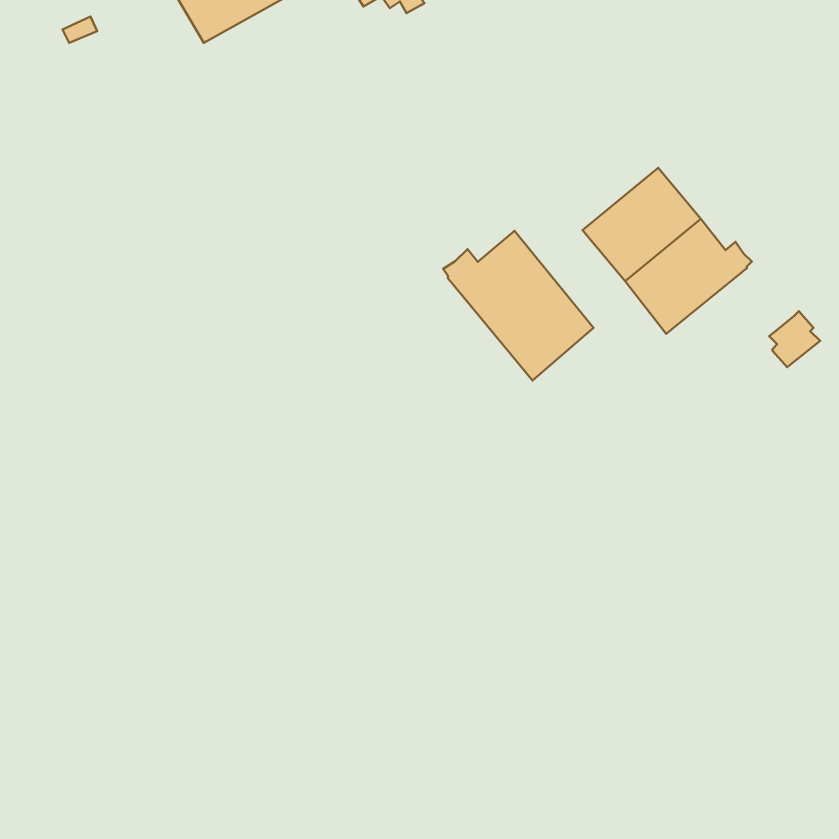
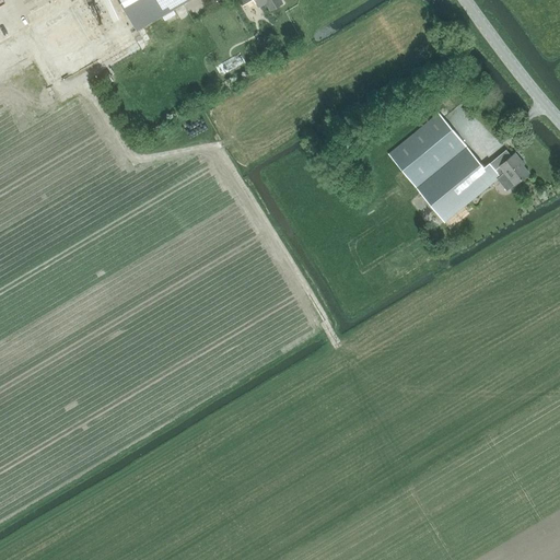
building: [443,231,594,381] -> none
building: [769,311,820,367] -> [494,152,528,189]

